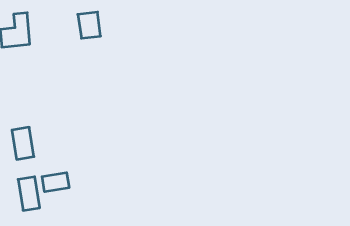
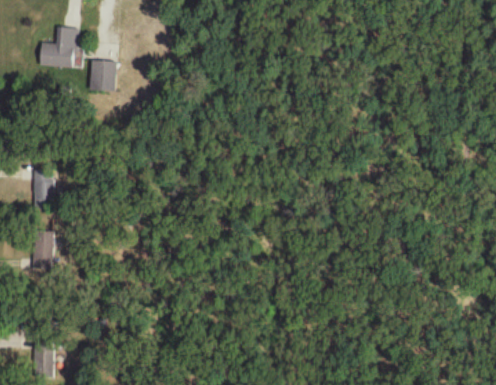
building: [78,12,101,38] -> [90,60,115,91]
building: [42,173,69,192] -> none

